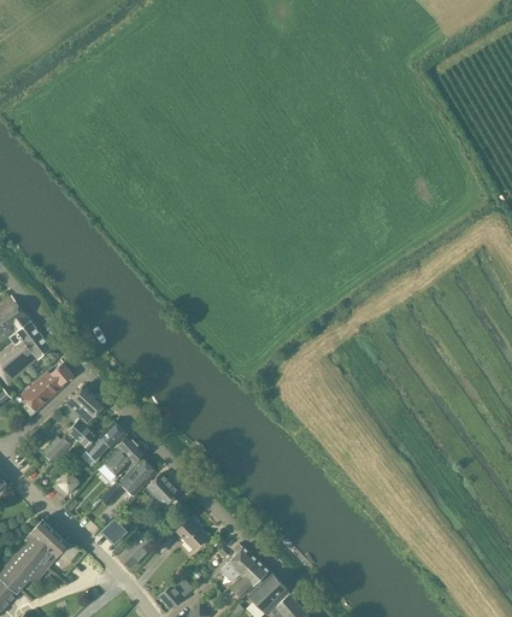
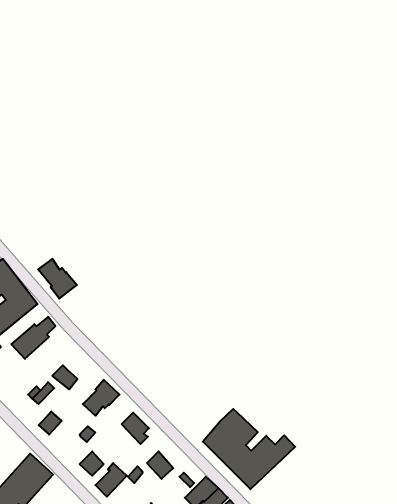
building: none -> [38,259,77,299]
building: [64,386,105,425] -> none
building: [84,422,125,460] -> none
building: [118,458,155,496] -> none
building: none -> [203,409,295,489]

